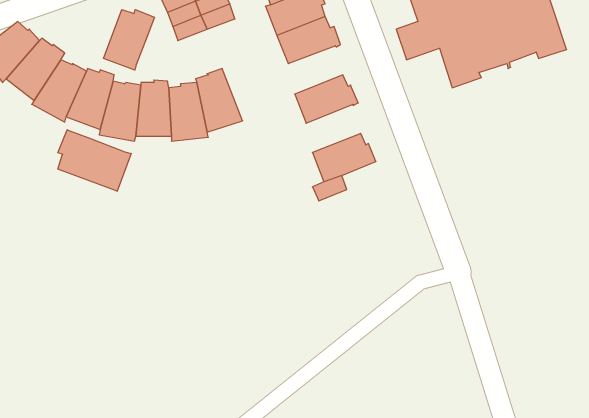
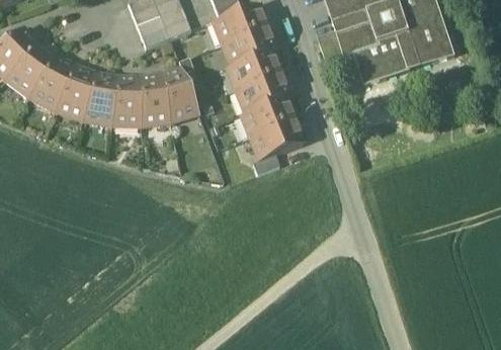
building: [104,10,154,70] -> none
building: none -> [229,51,276,89]
building: none -> [243,97,290,136]
building: [58,130,131,191] -> none

